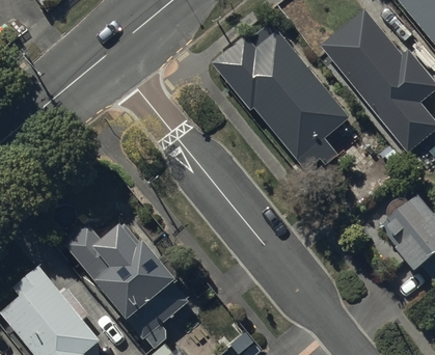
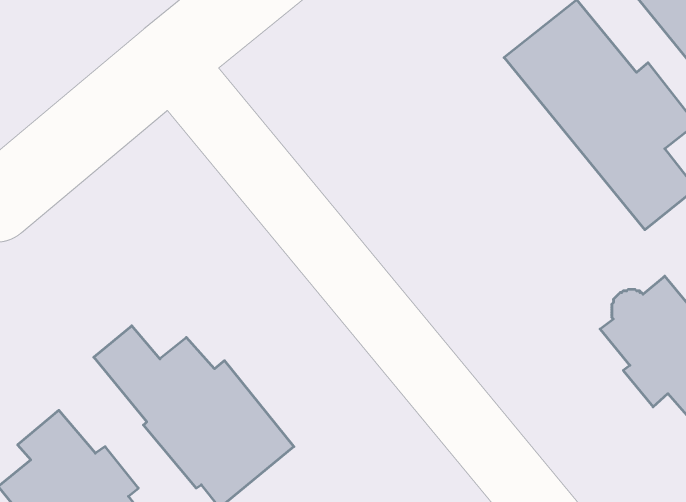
building: [210,25,357,179] -> none

